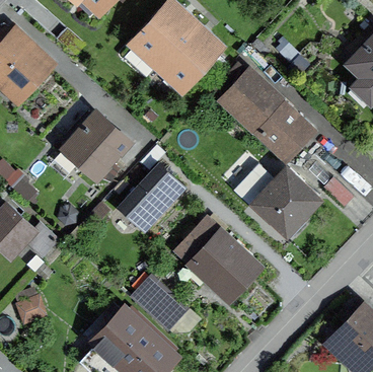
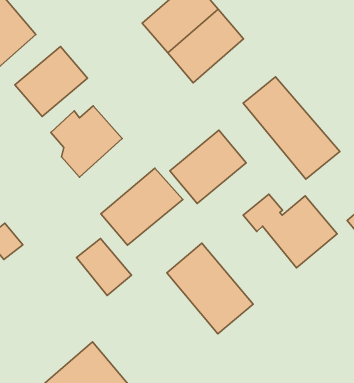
building: none -> [15,47,87,116]
building: none -> [170,130,246,203]
building: [140,282,188,328] -> [76,239,131,295]

